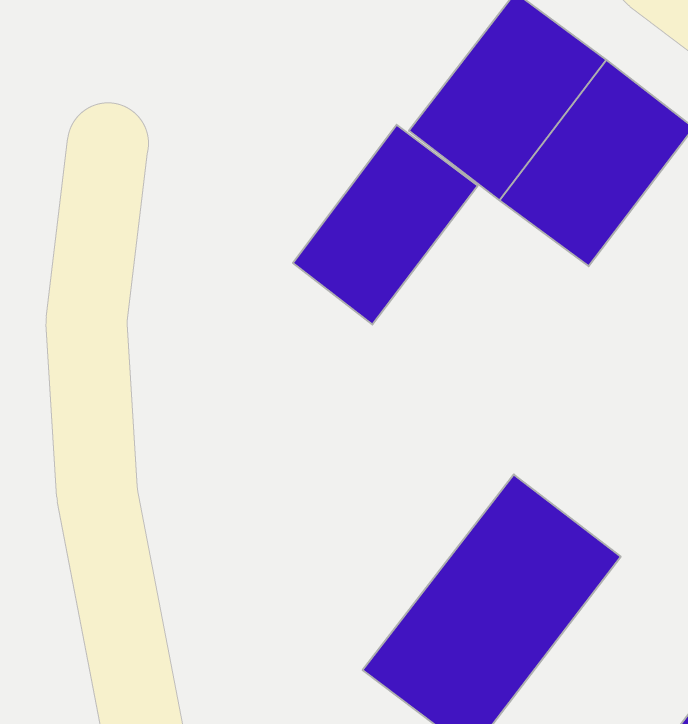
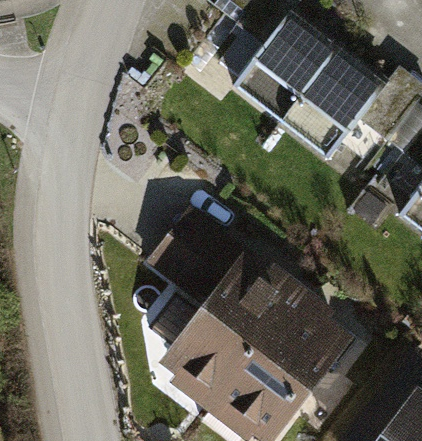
building: [293,125,478,325] -> none
building: none -> [153,214,294,393]

